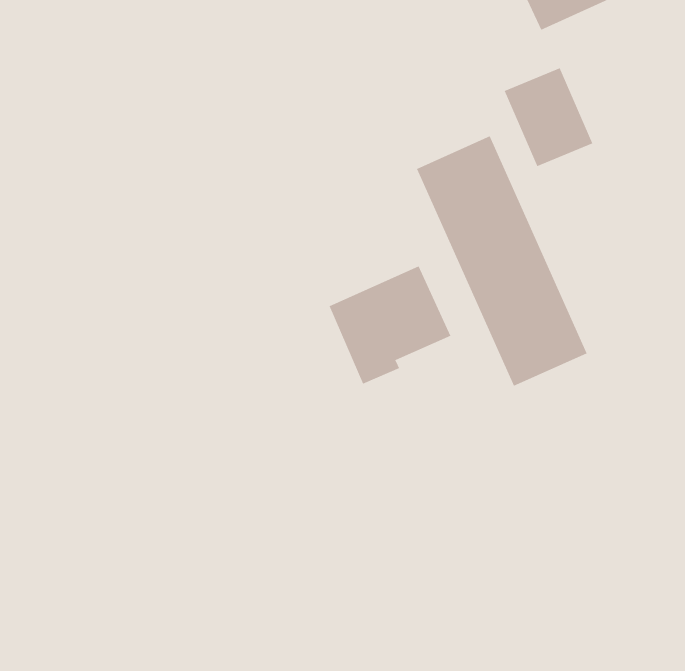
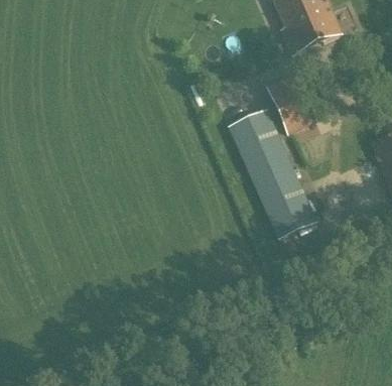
building: [329,266,451,384] -> none

